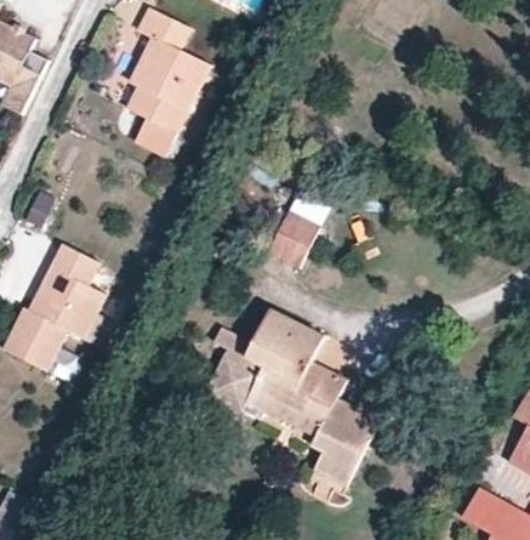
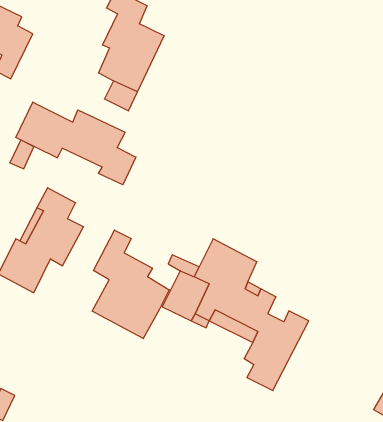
building: none -> [16,102,136,185]
building: [269,208,323,267] -> none
building: none -> [92,230,169,339]

